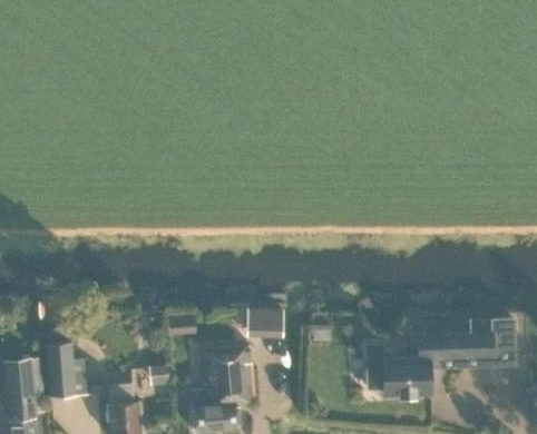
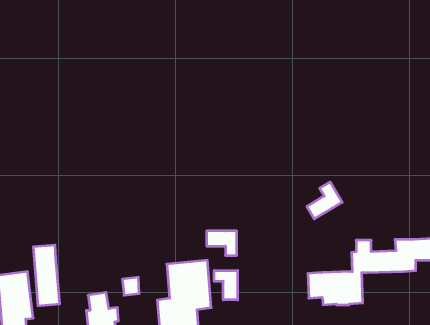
building: none -> [307,182,342,219]
building: none -> [214,270,238,300]

